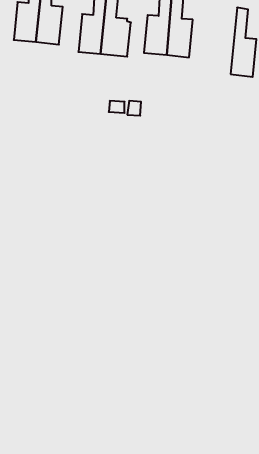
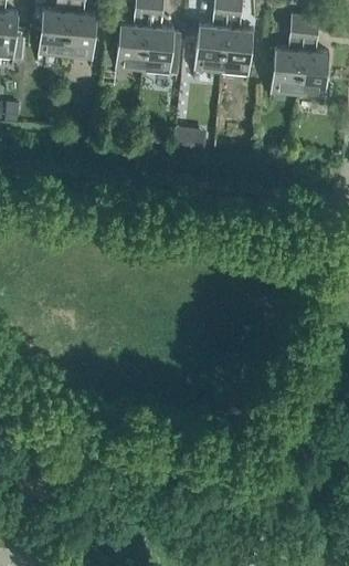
building: none -> [271,15,306,96]

